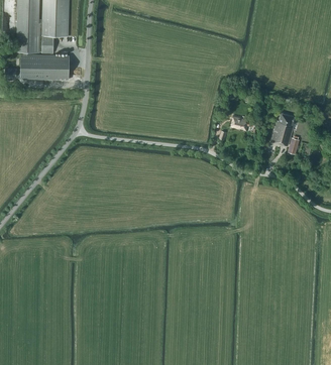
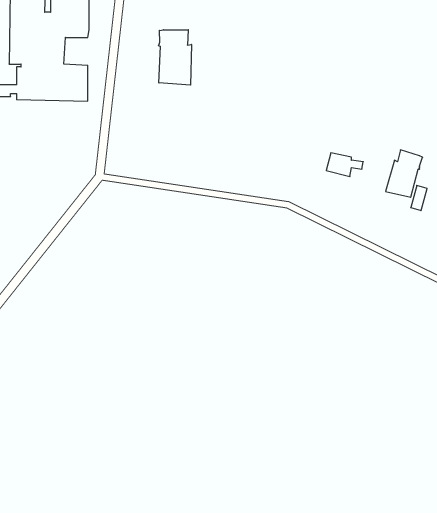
building: none -> [159,30,191,85]

